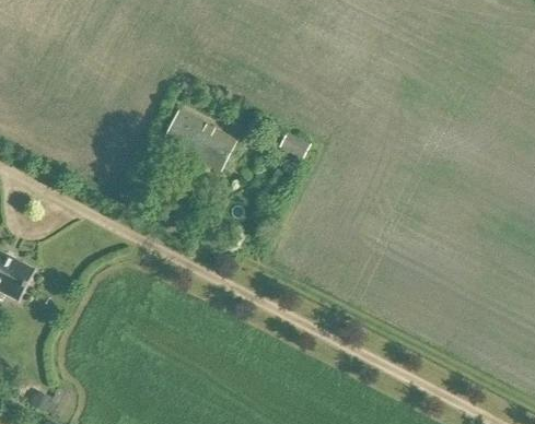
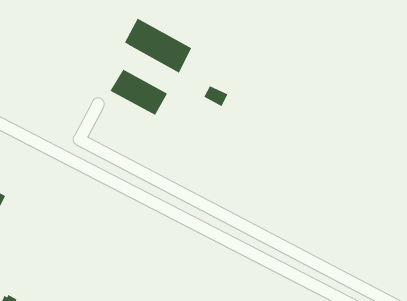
building: none -> [124,18,192,73]

